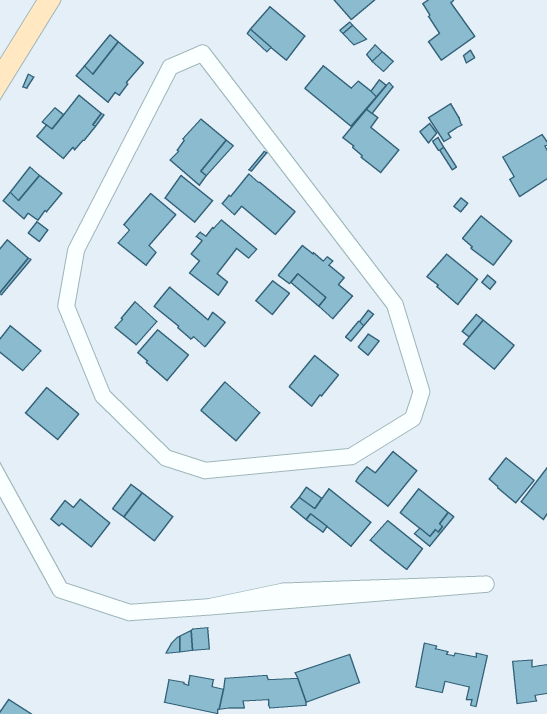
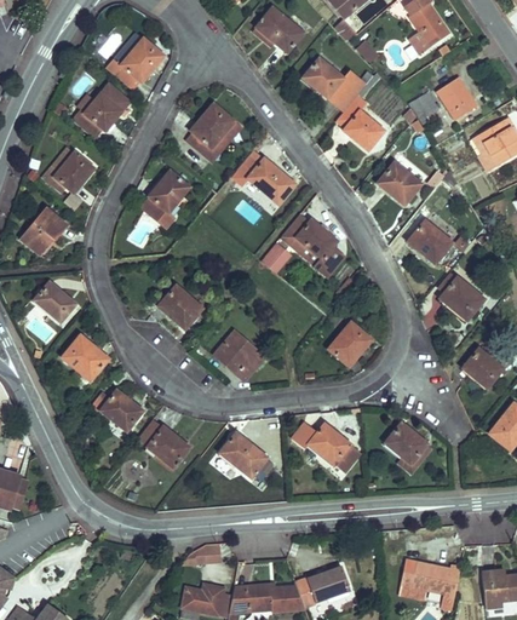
building: none -> [437,78,476,119]
building: [165,175,213,222] -> none
building: [463,216,512,265] -> [378,162,420,205]
building: [190,220,257,295] -> none
building: [154,287,225,347] -> none
building: [115,302,157,345] -> none
building: [289,356,338,406] -> [328,322,370,366]
building: [356,451,417,506] -> none
building: [489,458,534,503] -> [464,349,502,388]
building: [51,499,110,547] -> [91,390,142,431]
building: none -> [219,432,266,478]
building: [370,521,422,569] -> none

